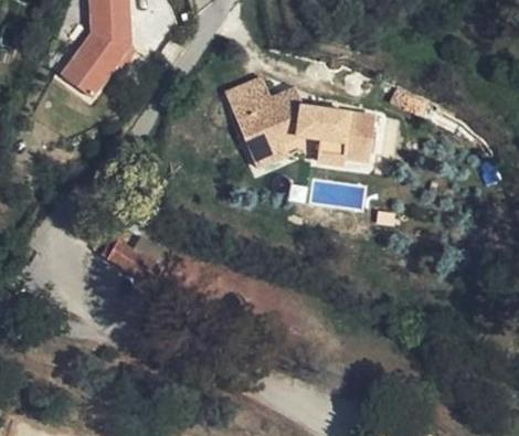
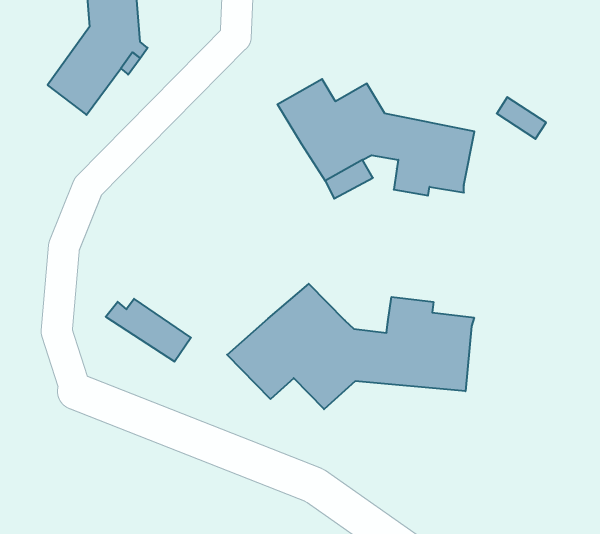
building: none -> [227,284,474,409]

